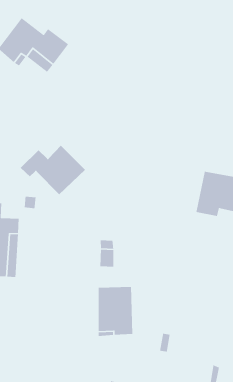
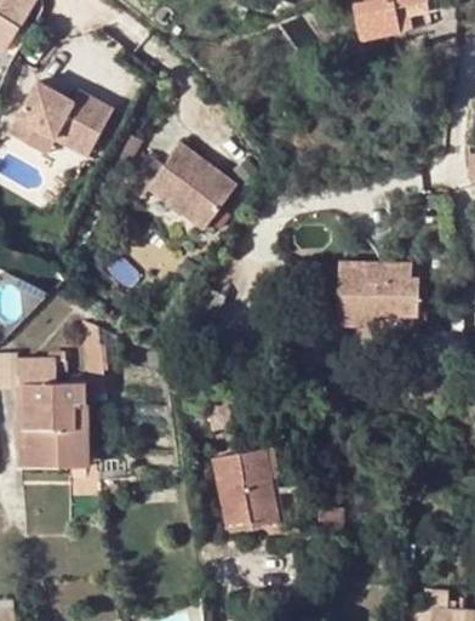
building: [20,145,86,195] -> [142,154,239,228]

